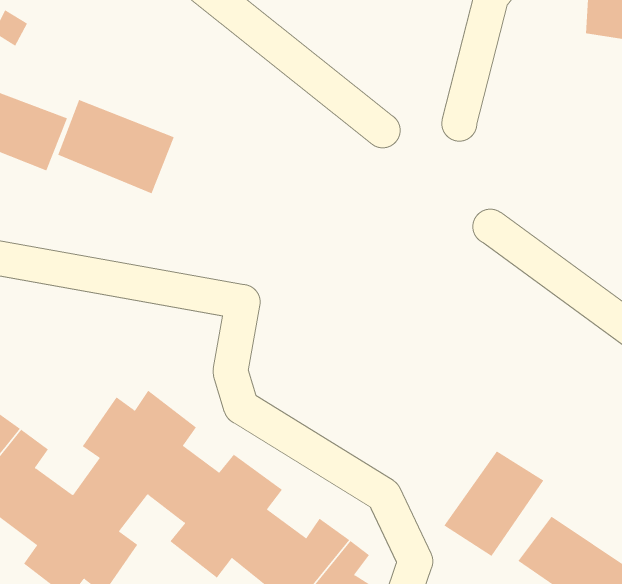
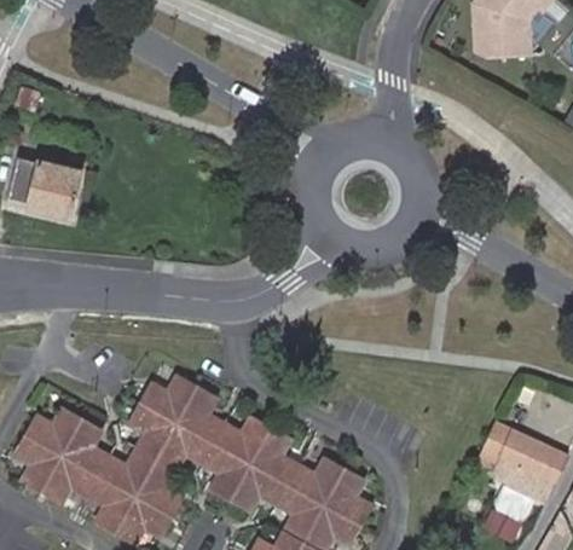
building: [57,99,174,194] -> none
building: [444,450,544,557] -> none

